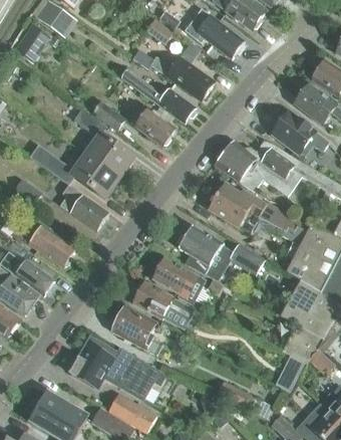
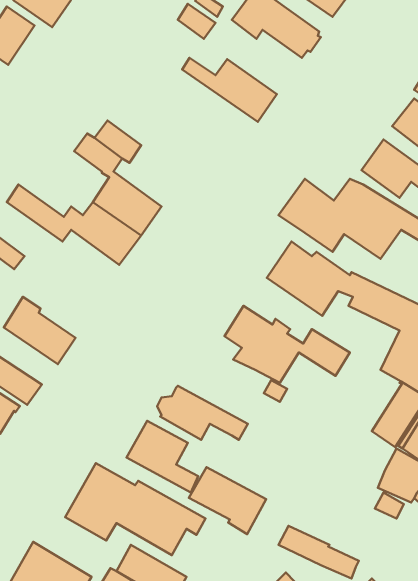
building: [122,70,197,123] -> none
building: [124,99,175,146] -> none
building: [55,182,110,232] -> none
building: [151,258,205,304] -> [189,467,266,534]

